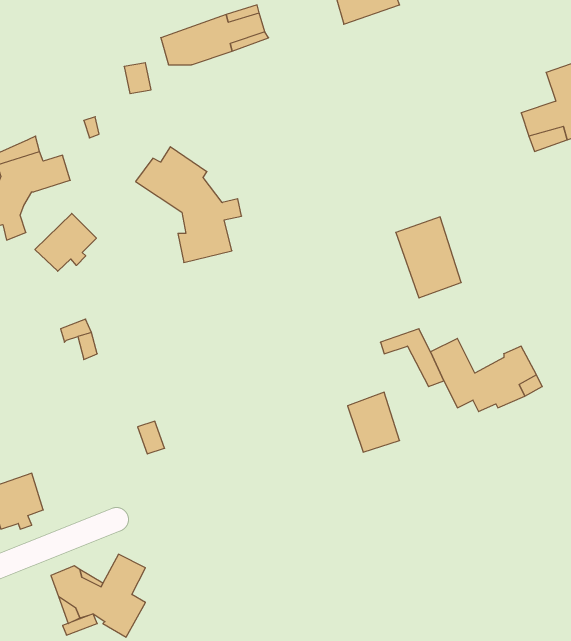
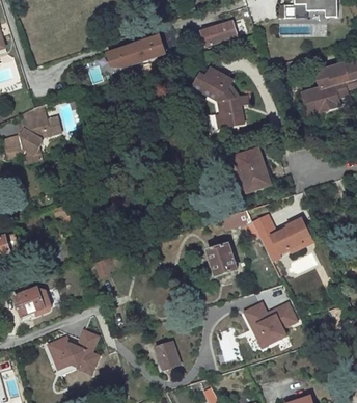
building: [136,147,242,262] -> [198,69,255,131]
building: [35,213,96,271] -> none
building: none -> [241,300,297,349]
building: none -> [157,342,180,370]

